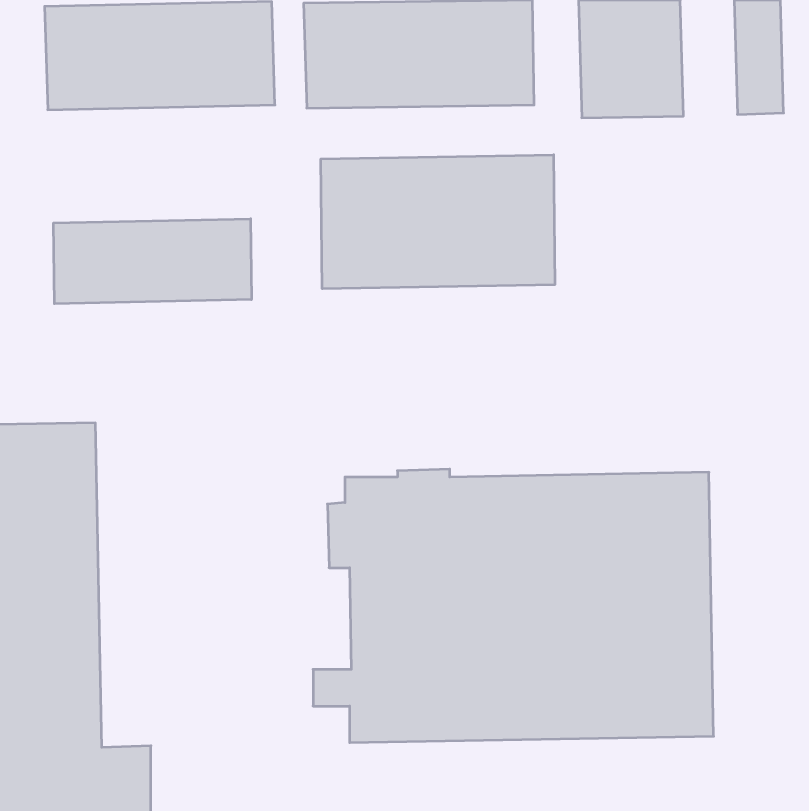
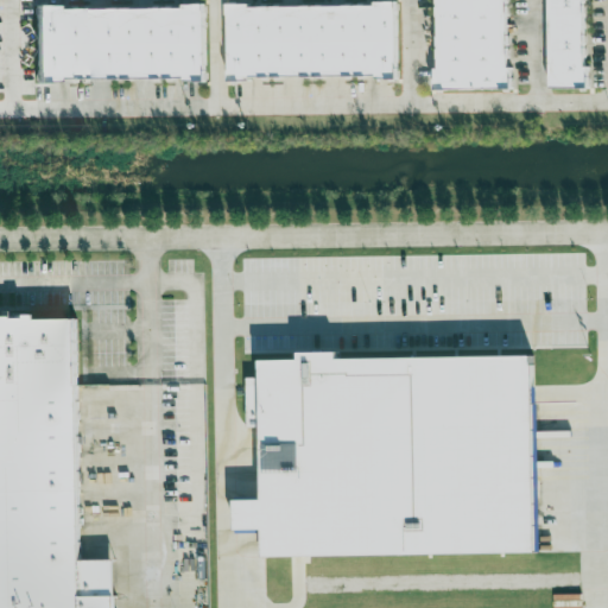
building: [321,155,555,289] -> none
building: [54,219,251,304] -> none

